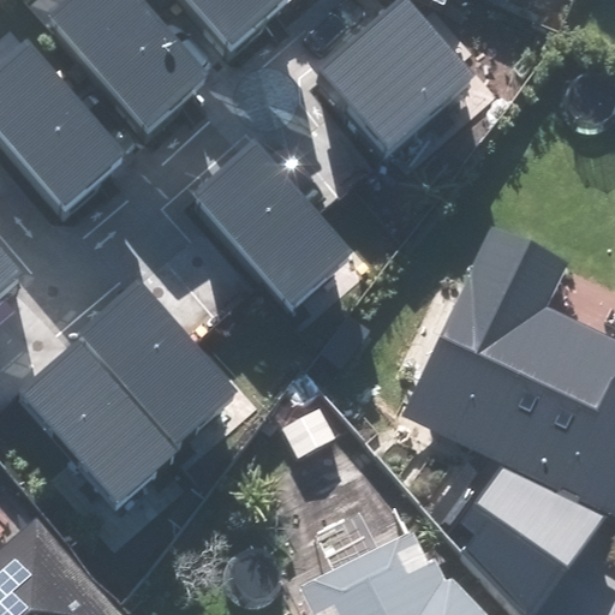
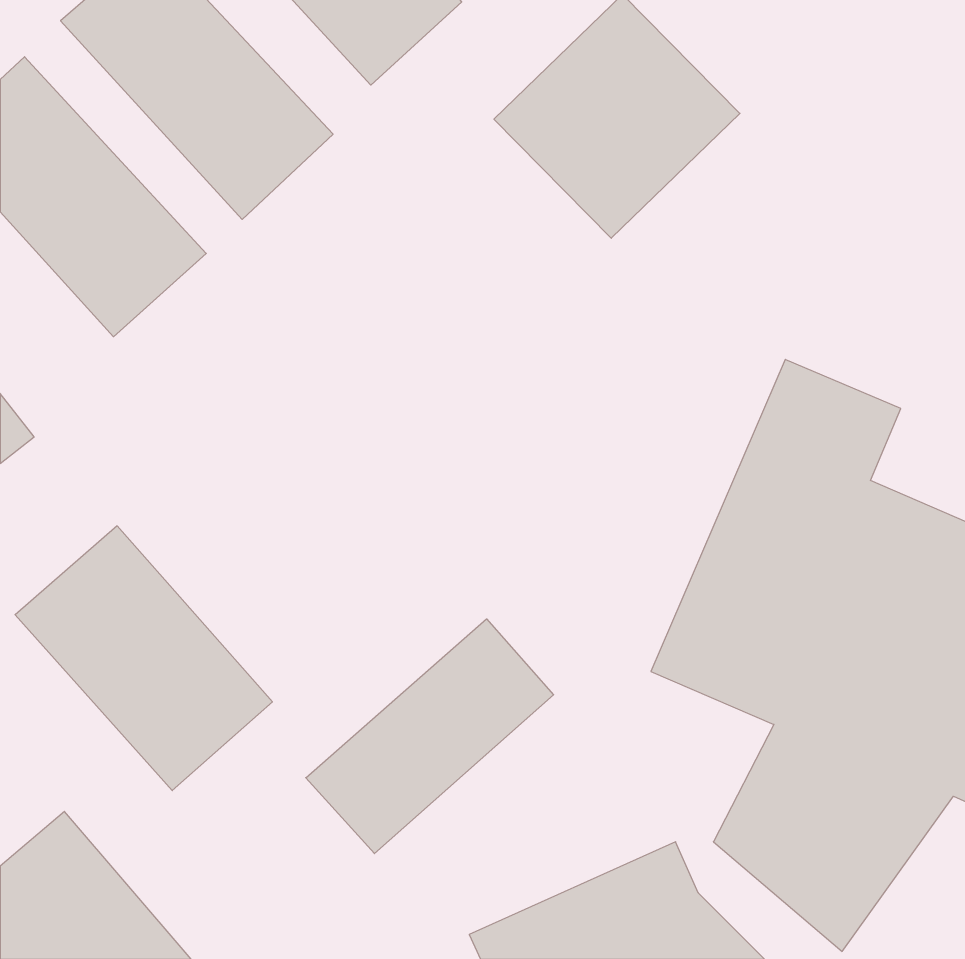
building: [185,129,351,306] -> none
building: [76,285,231,446] -> none
building: none -> [306,619,554,854]

